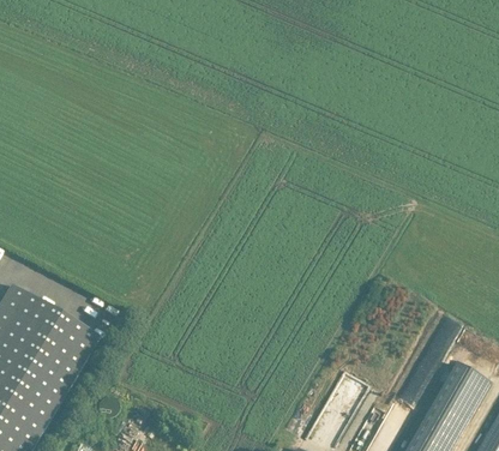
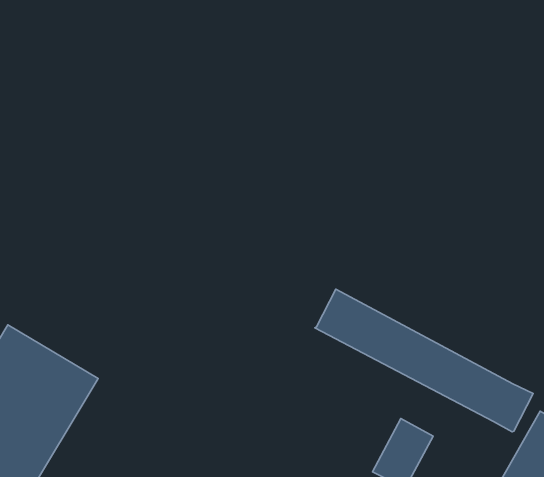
building: none -> [315,289,533,432]

